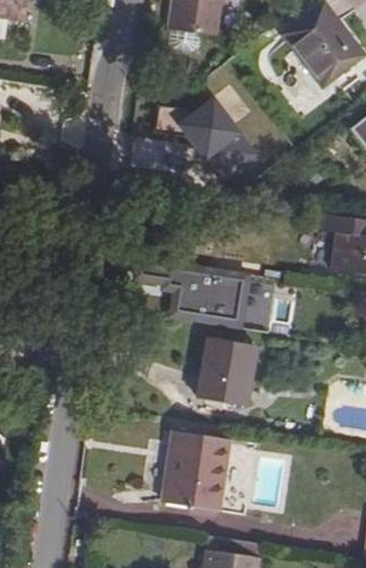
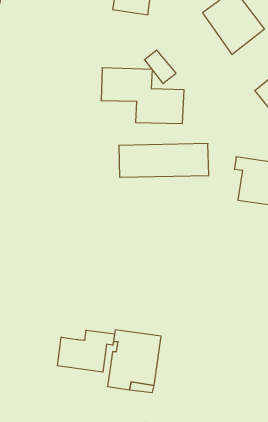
building: [162,276,275,318] -> [119,144,209,177]
building: [206,338,262,408] -> none
building: none -> [57,330,115,372]

